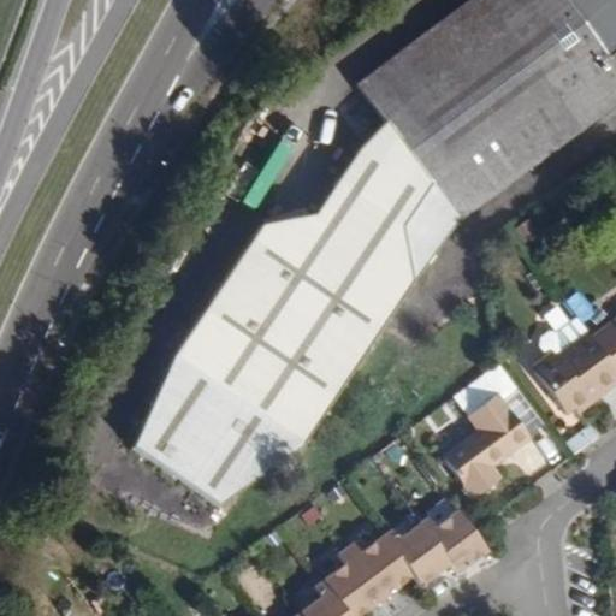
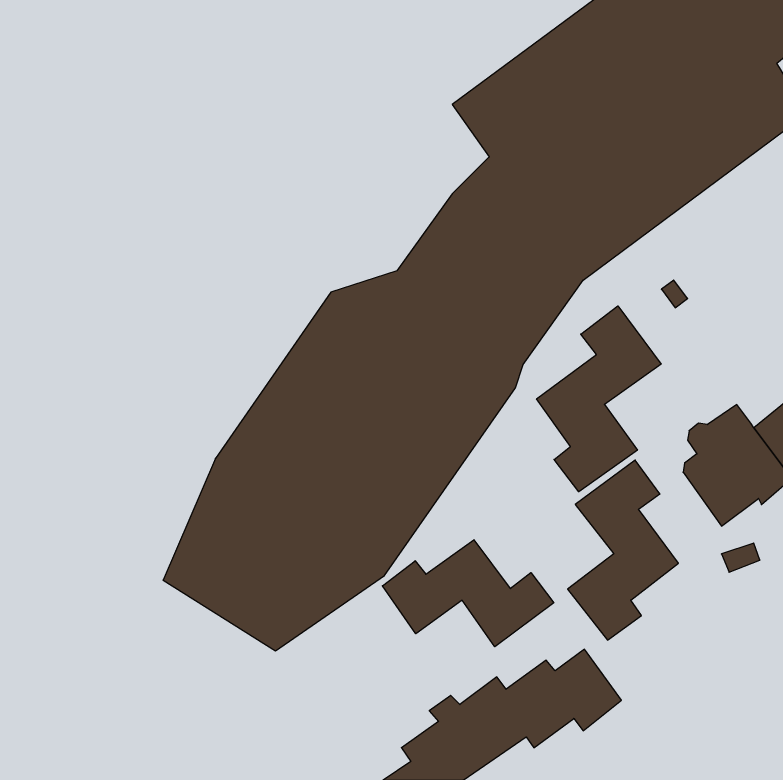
building: none -> [537,306,661,492]
building: none -> [382,540,554,647]

